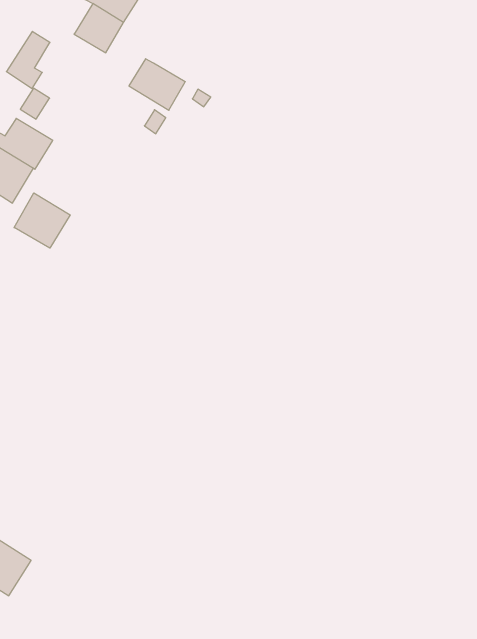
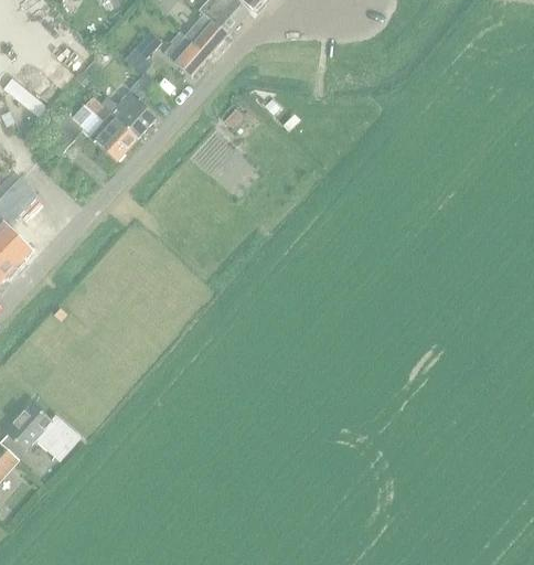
building: [129,59,185,110] -> [162,32,206,75]
building: [14,193,70,248] -> none

